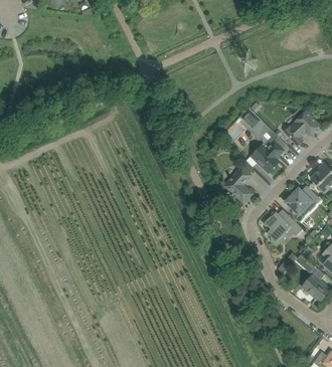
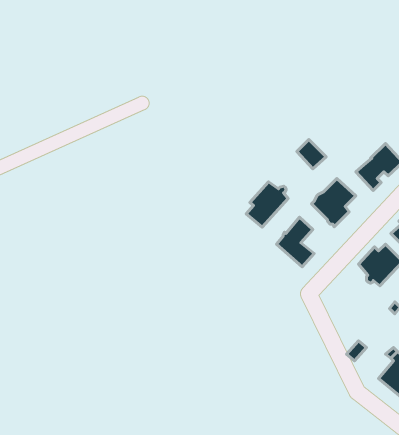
building: none -> [246,182,288,227]
building: [263,209,303,243] -> none

